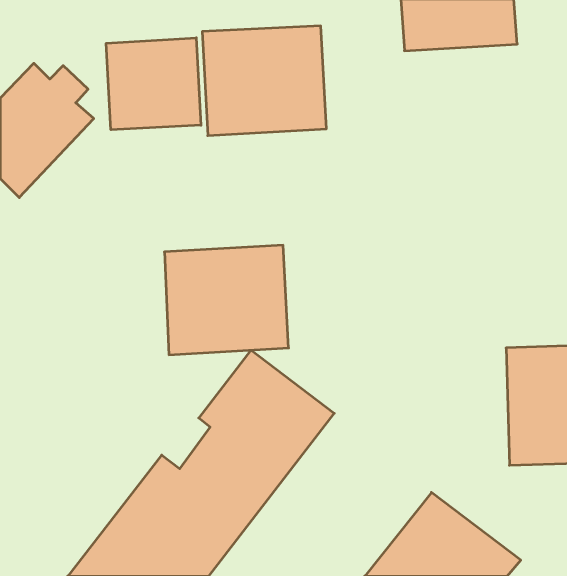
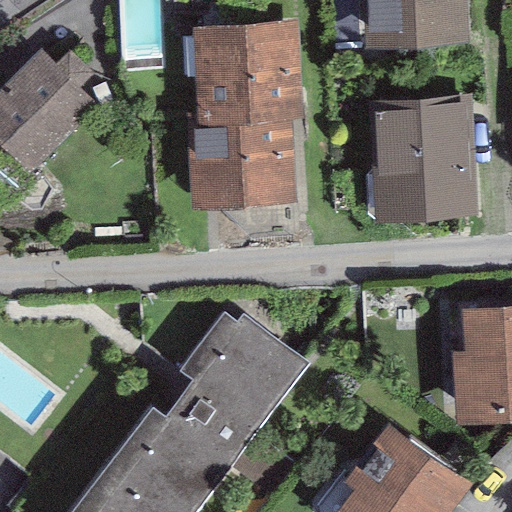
building: [106,38,201,130] -> none
building: none -> [368,105,475,220]
building: [164,245,289,355] -> [193,114,303,211]

